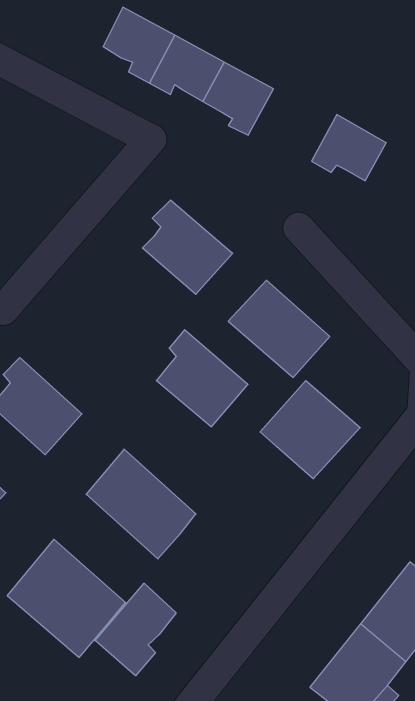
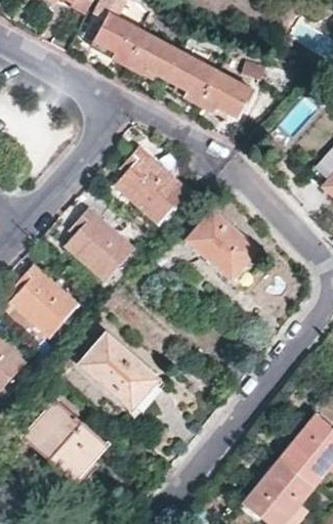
building: [312,115,386,181] -> [197,70,251,118]
building: [156,330,248,427] -> [67,206,133,276]
building: [260,381,360,479] -> none
building: [95,583,176,676] -> none

